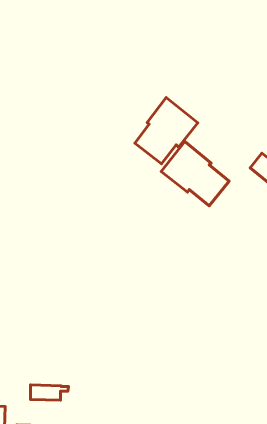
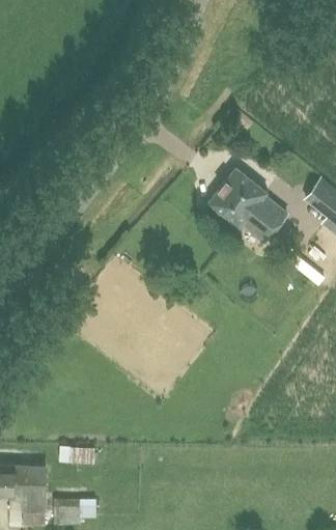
building: [135,97,198,164] -> none

